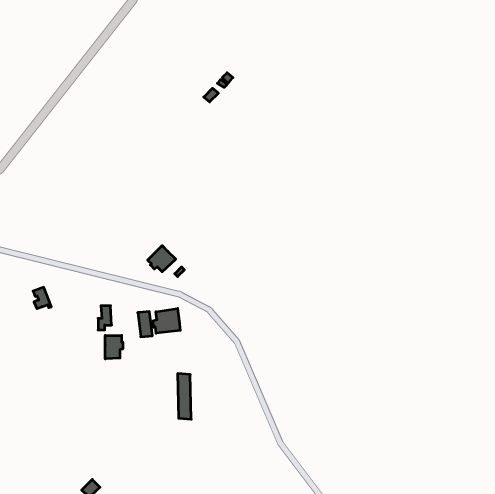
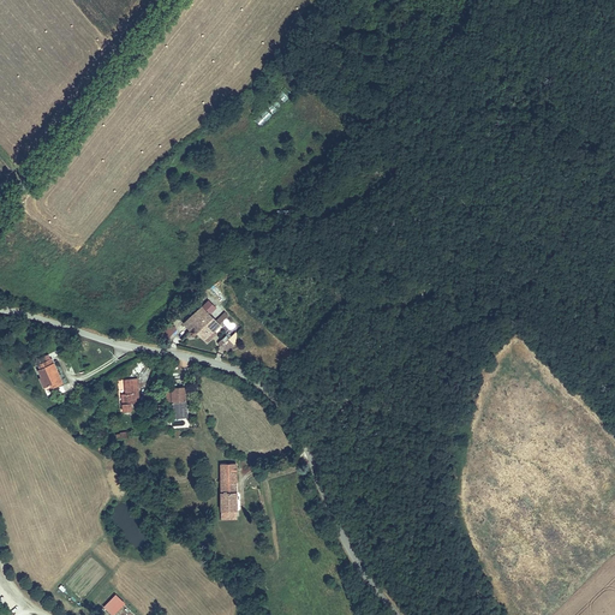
building: [153,308,180,333] -> none
building: [105,335,123,359] -> none

